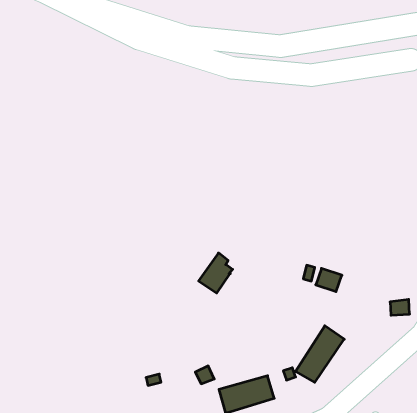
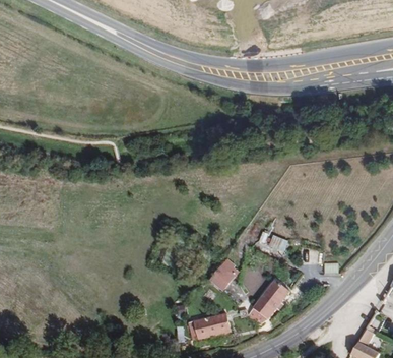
building: [199,253,233,293] -> [209,259,236,290]

